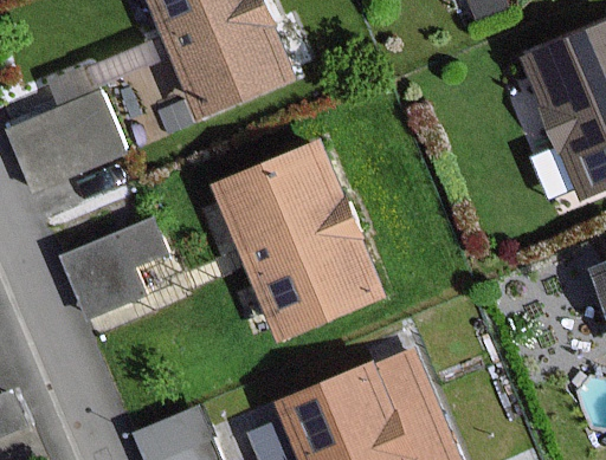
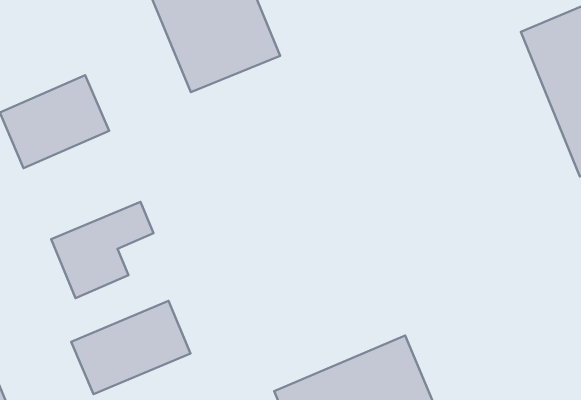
building: [220,145,379,332] -> none
building: none -> [71,301,191,394]

